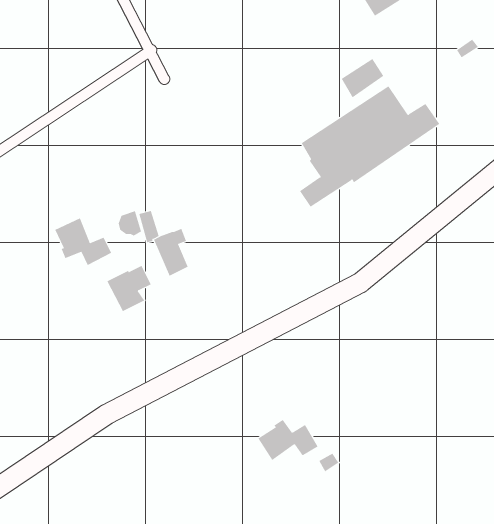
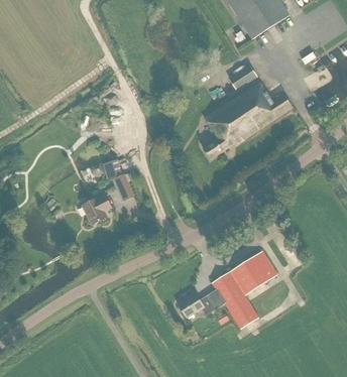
building: [55,218,112,266] -> none
building: none -> [209,251,277,329]

